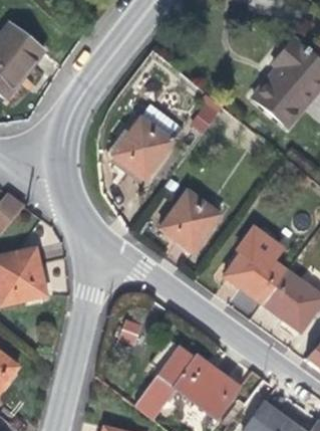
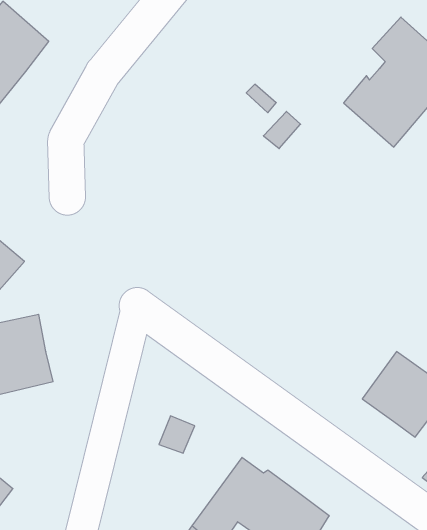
building: [111,104,180,178] -> none
building: [157,190,219,252] -> none
building: [224,227,287,304] -> none

